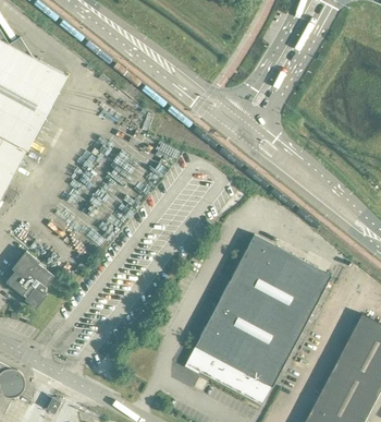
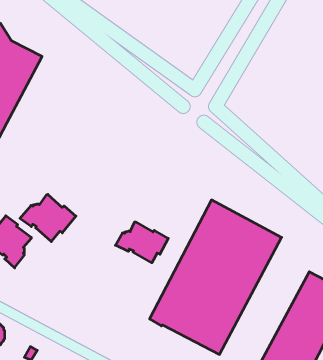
building: none -> [20,194,76,242]
building: none -> [115,222,168,263]

